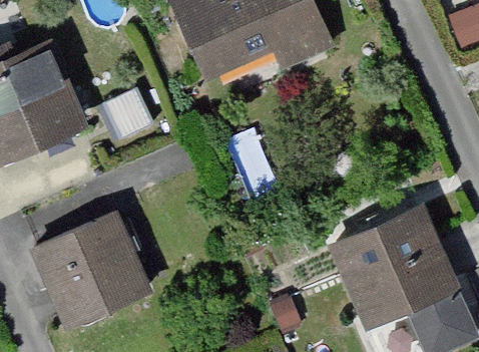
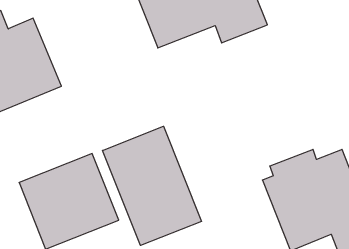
building: none -> [103,126,201,245]

